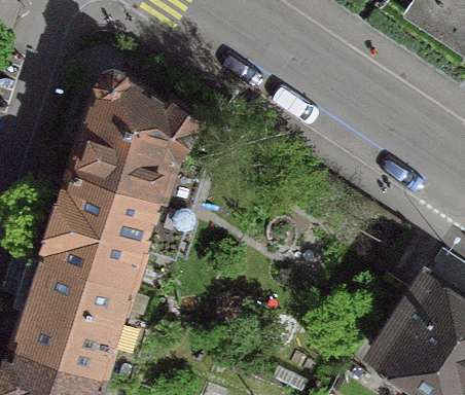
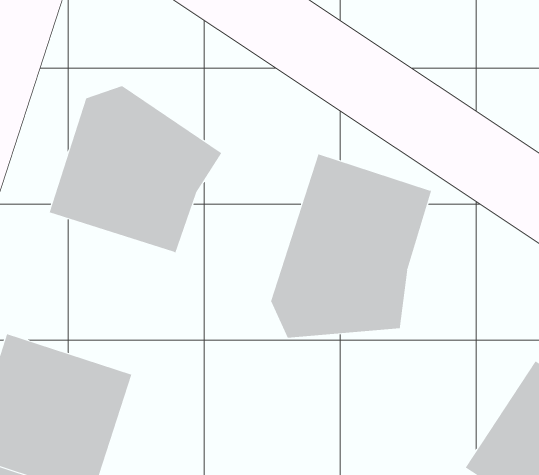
building: none -> [270,153,432,338]
building: [38,170,159,288] -> none

